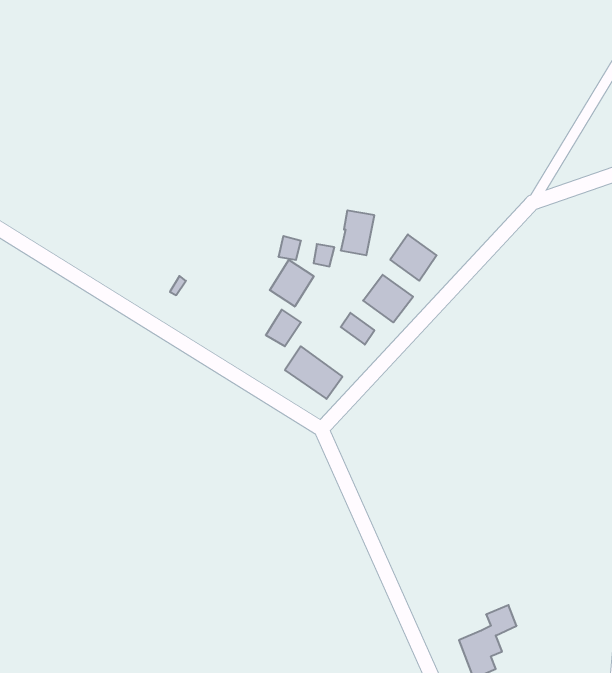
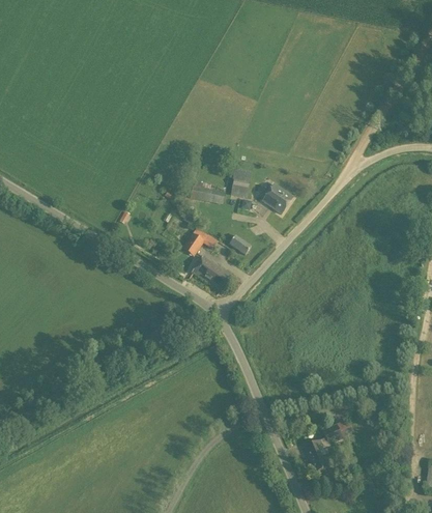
building: [270,260,314,307] -> none
building: [363,275,413,322] -> none

